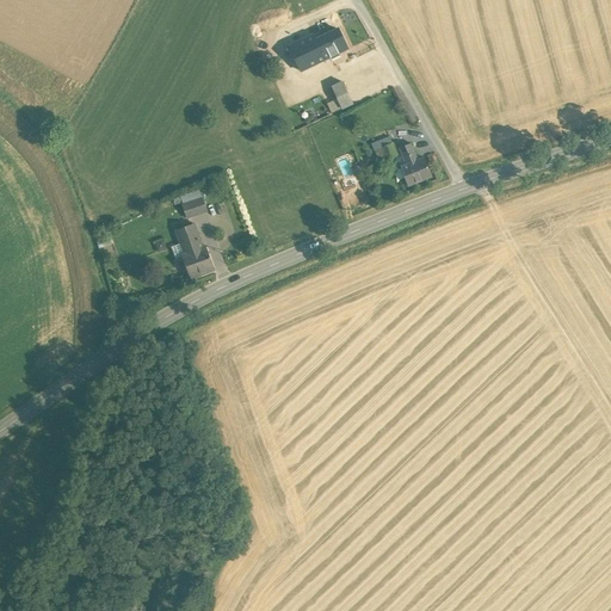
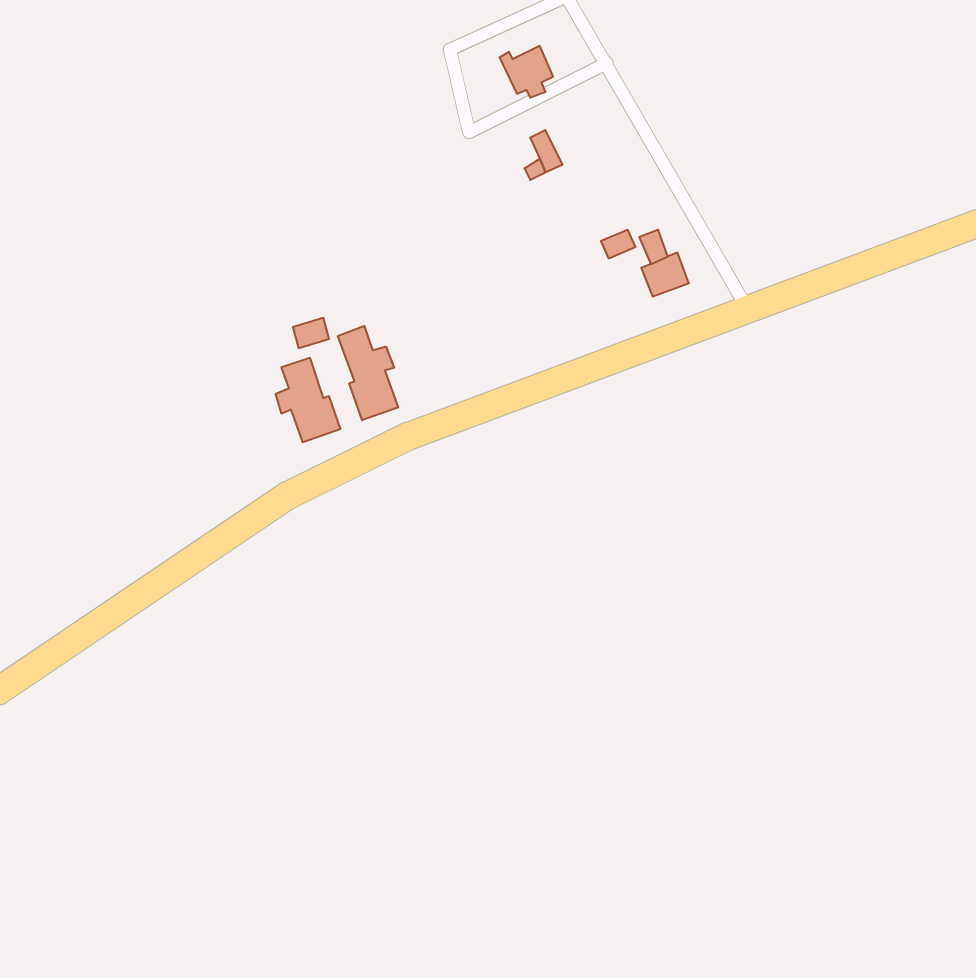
building: [289,36,322,69] -> none
building: none -> [338,326,398,420]

